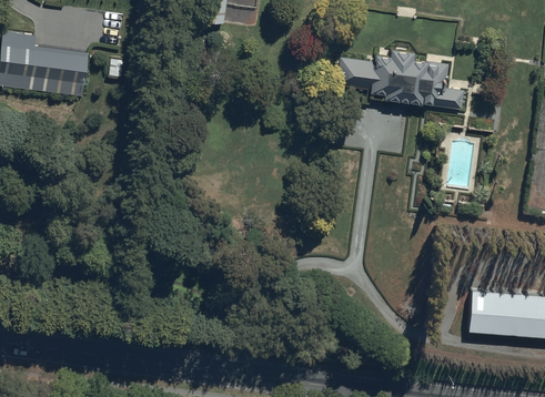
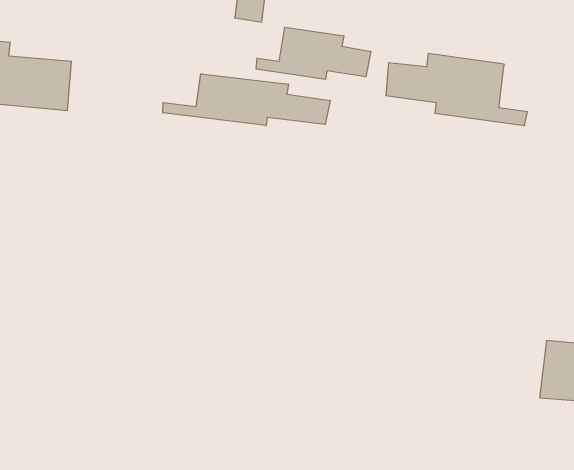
building: none -> [256,27,371,79]
building: none -> [163,74,330,126]

